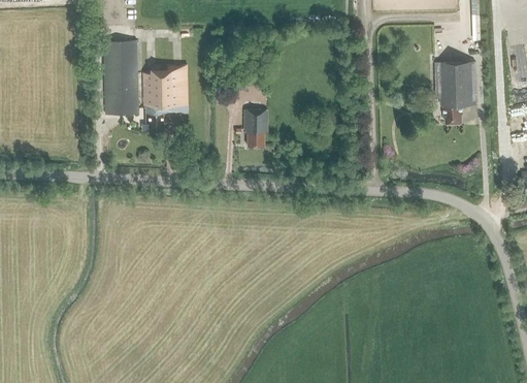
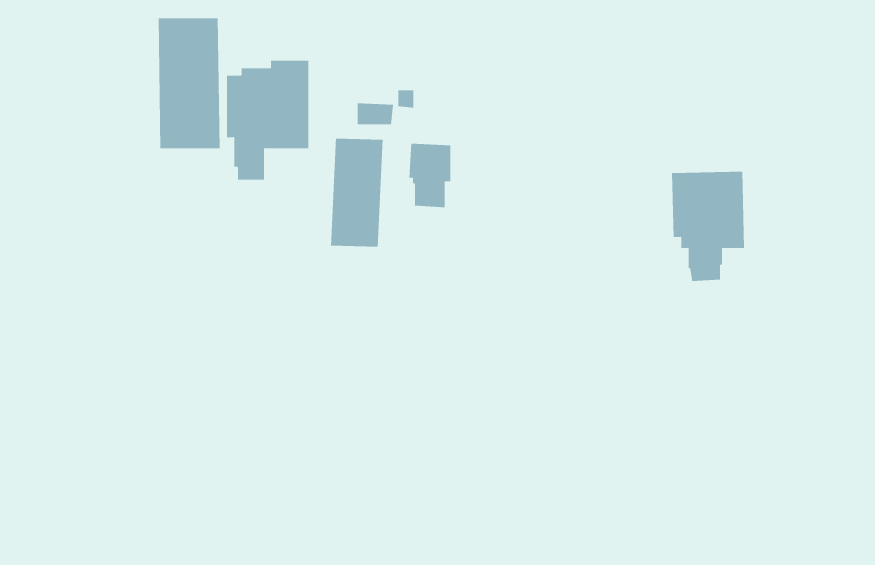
building: [434,62,475,124] -> [671,171,745,282]
building: none -> [330,138,383,248]

